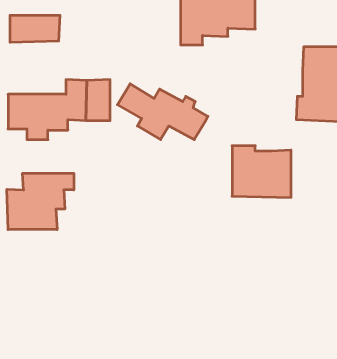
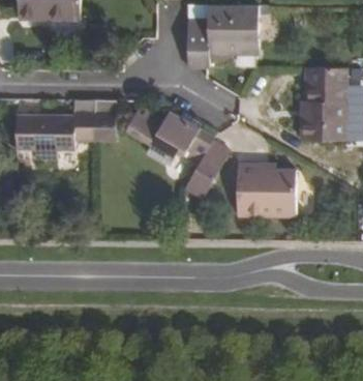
building: [10,15,60,42] -> none
building: none -> [185,141,230,188]
building: [7,173,74,230] -> none

